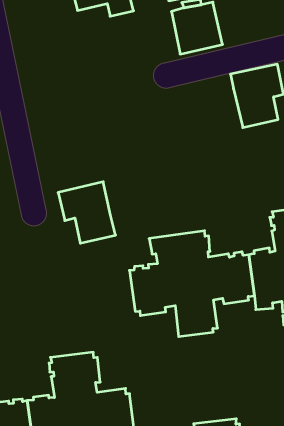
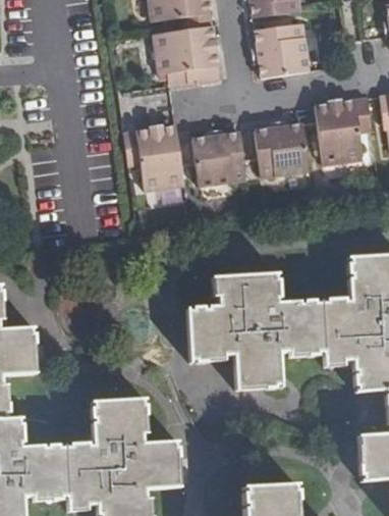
building: none -> [154,25,221,82]
building: none -> [255,122,310,176]
building: none -> [192,132,247,186]
building: [58,182,116,243] -> [125,124,185,191]

